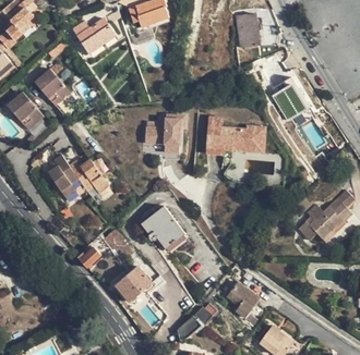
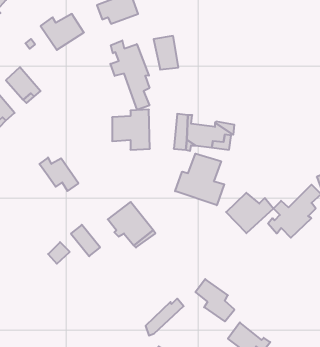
building: [235,12,260,46] -> [154,36,178,70]
building: none -> [110,40,149,110]
building: [50,156,80,199] -> none
building: none -> [175,154,224,205]
building: none -> [226,193,273,233]
building: [115,265,153,302] -> none

